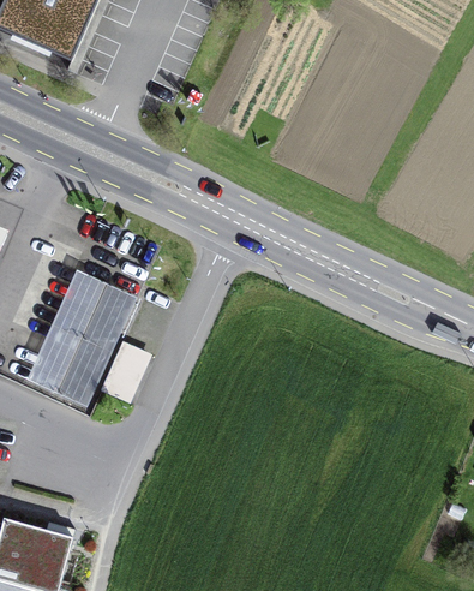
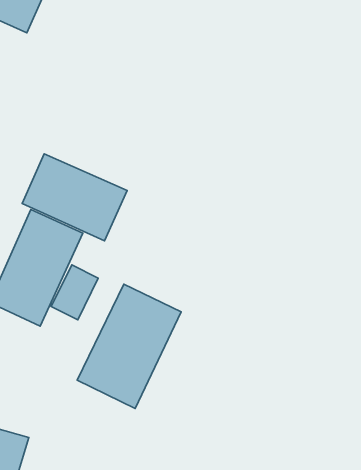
building: none -> [22,154,127,241]
building: none -> [77,284,181,408]

